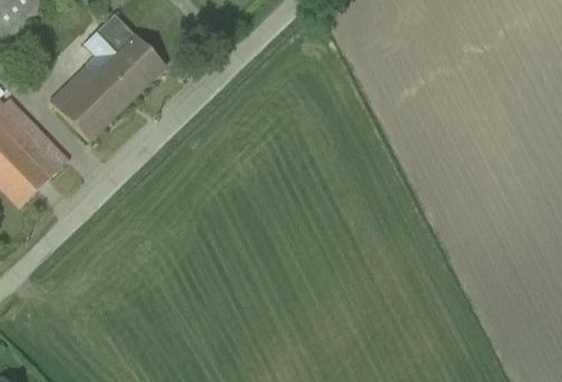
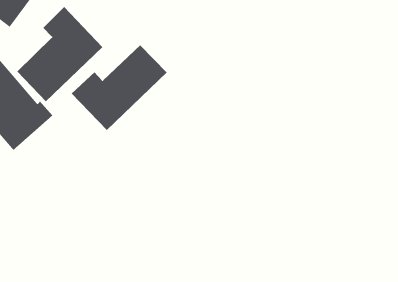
building: none -> [71,45,168,131]

